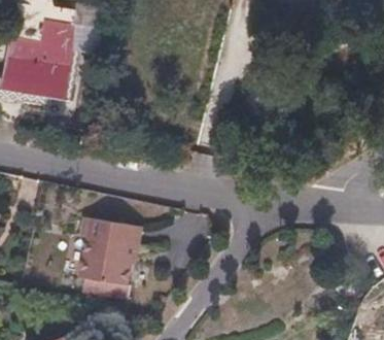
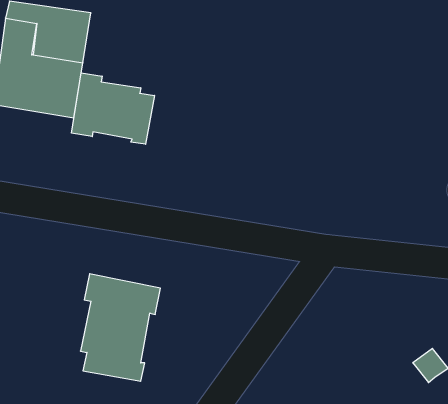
building: none -> [72,73,154,144]

